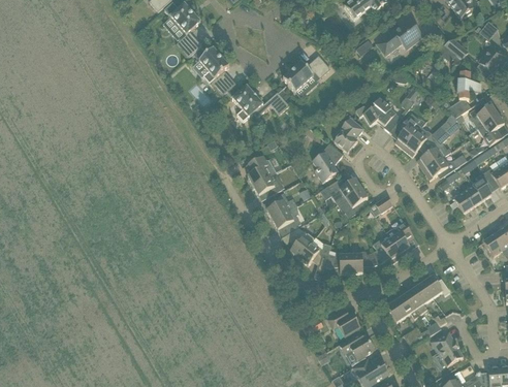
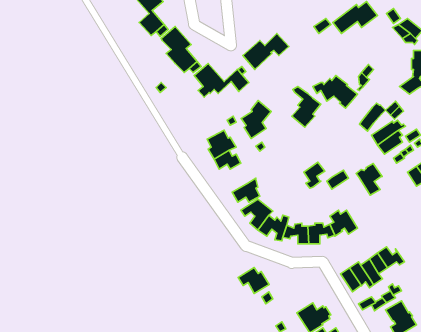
building: [394,114,419,149] -> none
building: [312,142,343,182] -> [241,101,271,139]
building: [328,179,360,203] -> none
building: [266,192,296,219] -> none
building: [387,223,414,256] -> [356,163,382,195]
building: [327,309,359,335] -> [238,268,269,294]

